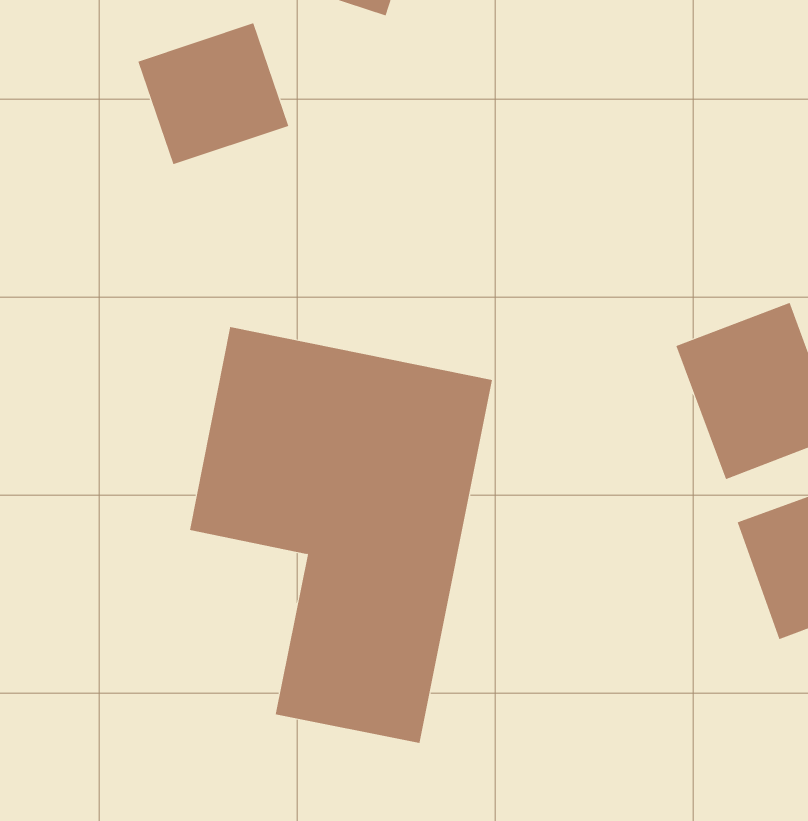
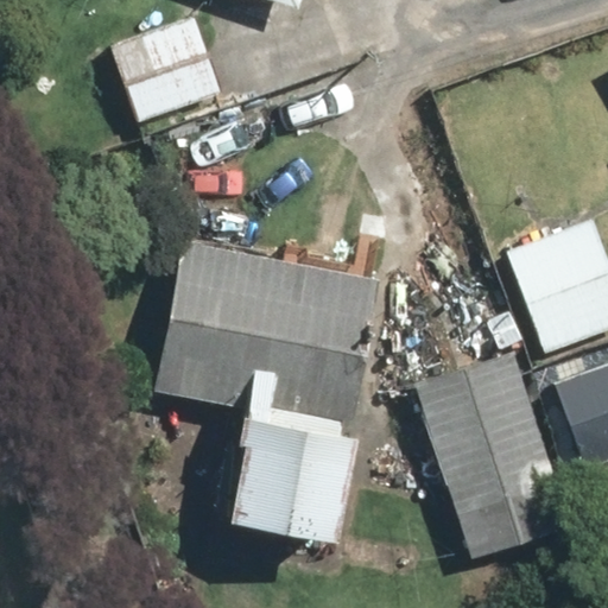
building: none -> [416,352,570,558]

